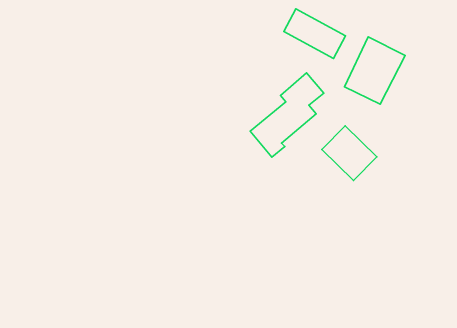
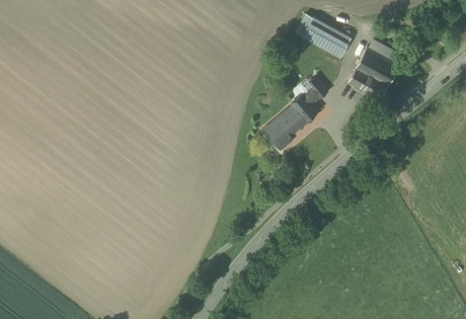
building: [322,126,377,180] -> none

